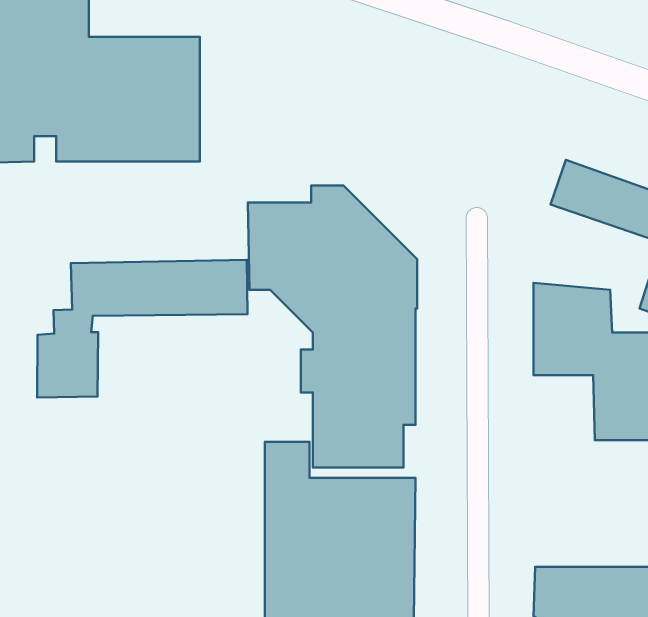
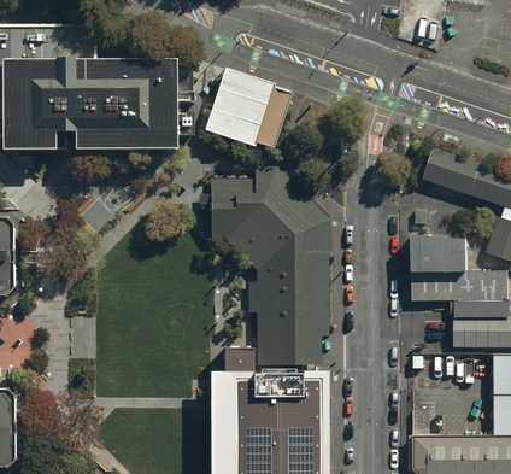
building: none -> [204,69,290,148]
building: [37,260,248,397] -> none

